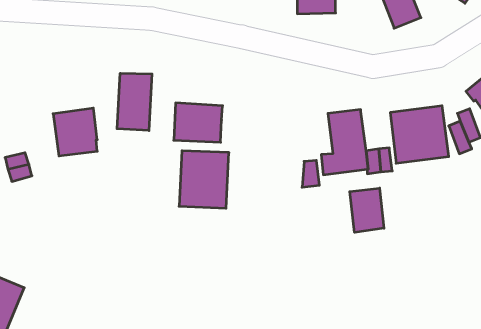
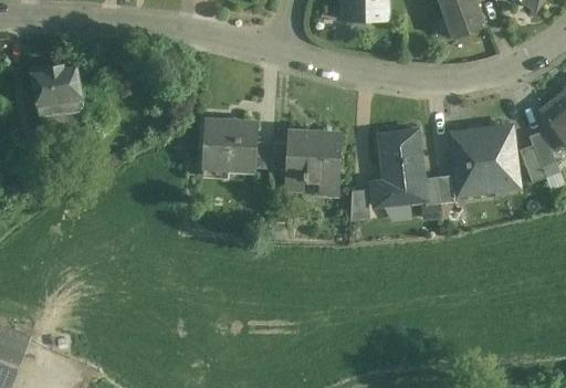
building: [117,73,152,131] -> none
building: [53,108,97,156] -> [32,60,83,115]
building: [179,151,229,208] -> [283,127,340,193]
building: [350,188,384,232] -> none

